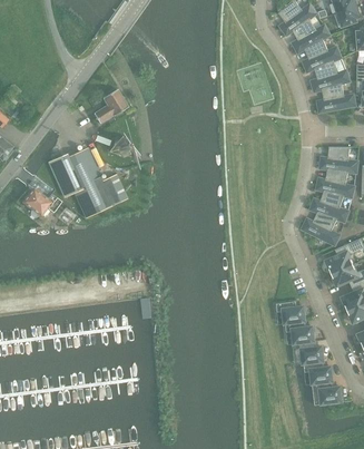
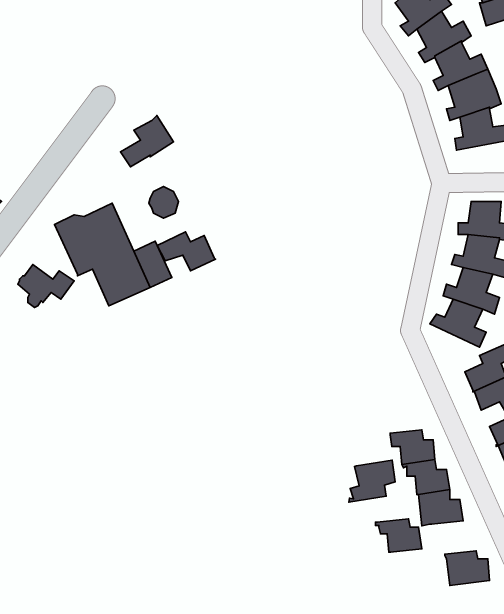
building: none -> [157,232,216,271]
building: none -> [349,460,395,502]
building: [302,361,333,383] -> [375,519,422,552]

